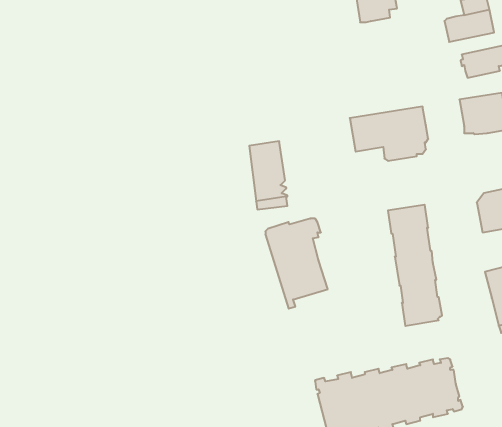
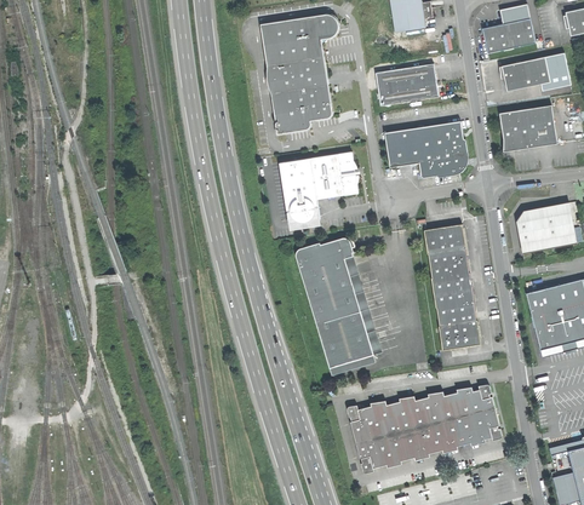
building: none -> [260,13,338,133]
building: none -> [377,64,440,105]
building: none -> [310,151,357,197]
building: none -> [320,311,374,368]

